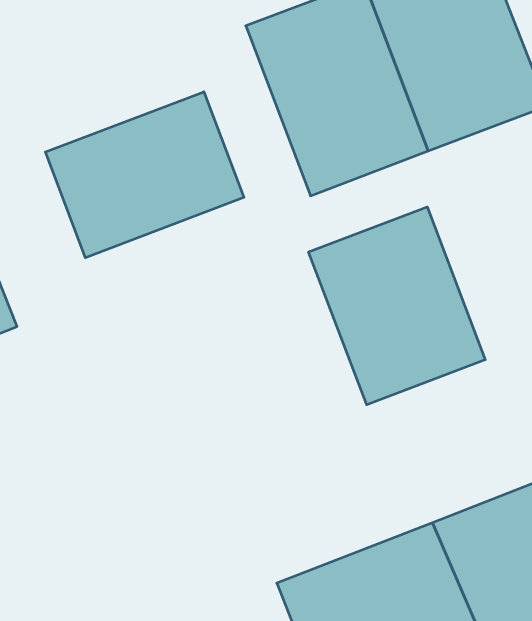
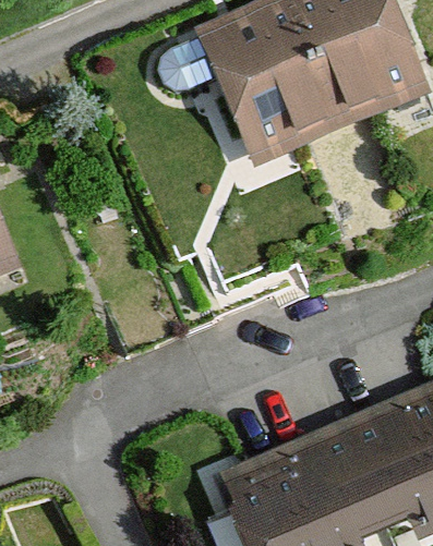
building: [45,92,244,258] -> none
building: [309,207,485,405] -> none

